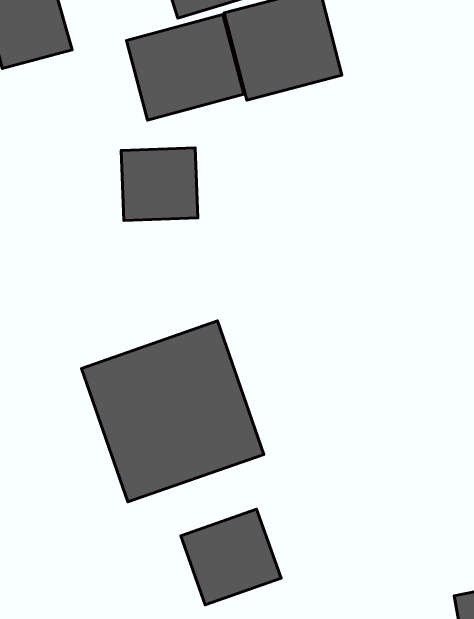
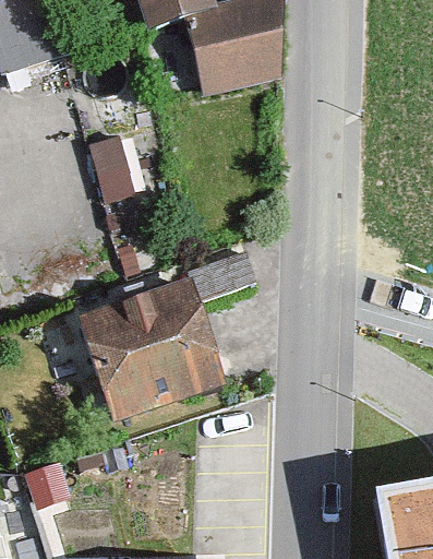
building: [127,15,244,120] -> none
building: [181,509,281,605] -> none

